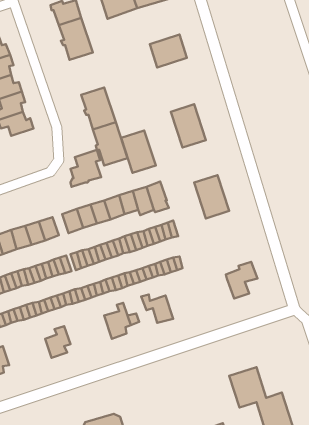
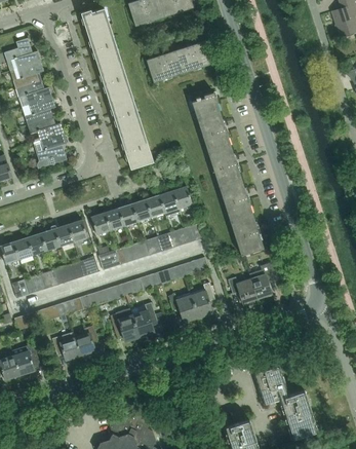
building: none -> [146,50,183,82]
building: none -> [97,59,131,100]
building: none -> [191,91,219,116]
building: [121,131,156,173] -> [207,144,241,185]
building: [70,150,101,187] -> [37,133,67,169]
building: none -> [230,213,263,255]
building: none -> [228,276,258,303]
building: none -> [191,283,214,317]
building: none -> [109,308,139,341]
building: none -> [51,335,80,361]

